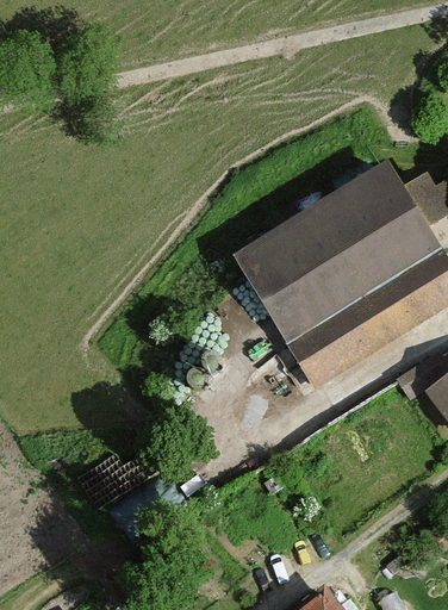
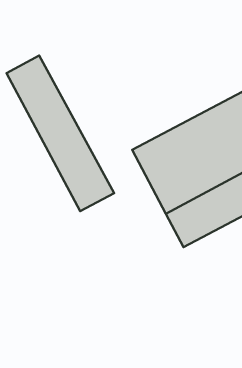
building: none -> [6,55,114,211]

